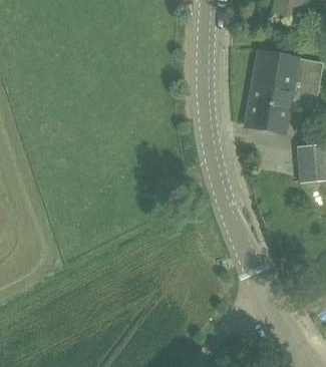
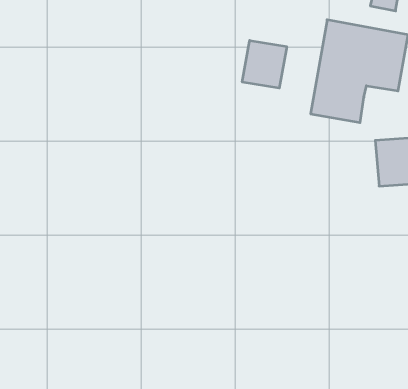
building: none -> [242,40,287,88]

